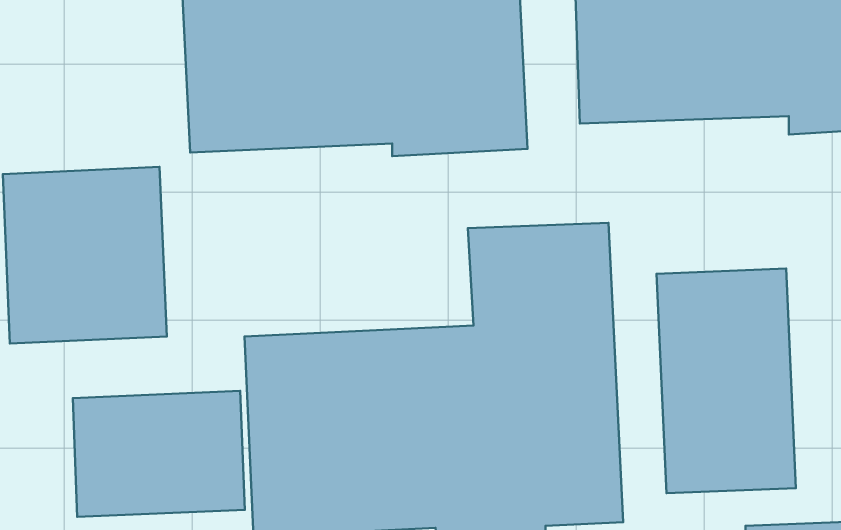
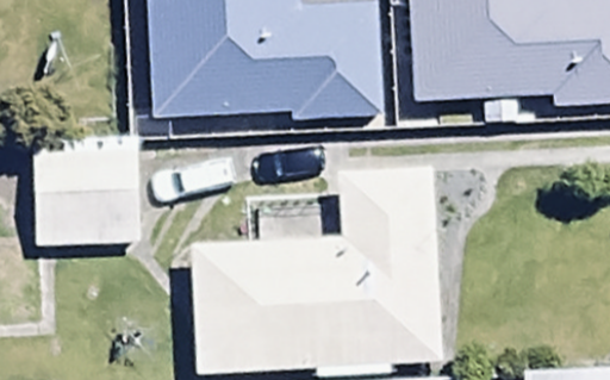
building: [657,269,796,493] -> none
building: [73,391,245,517] -> none

